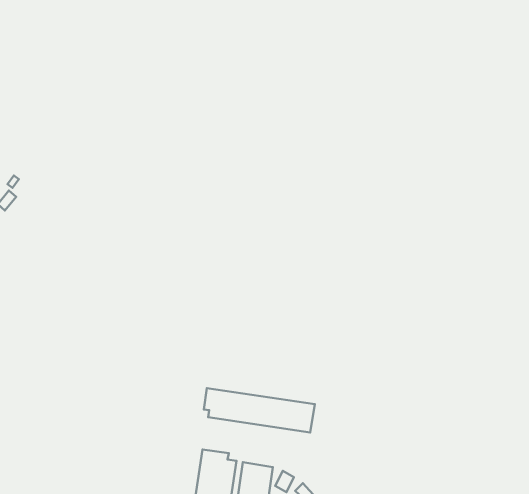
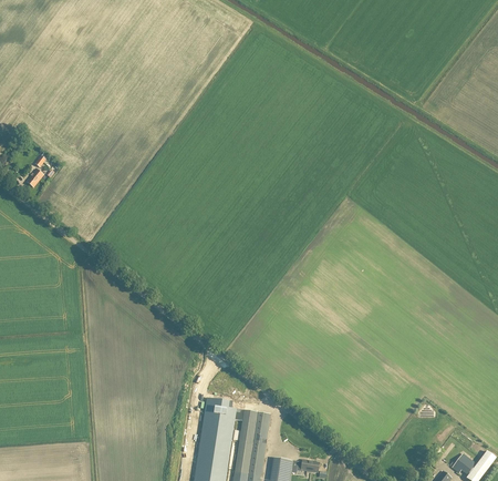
building: [204,388,315,432] -> none

